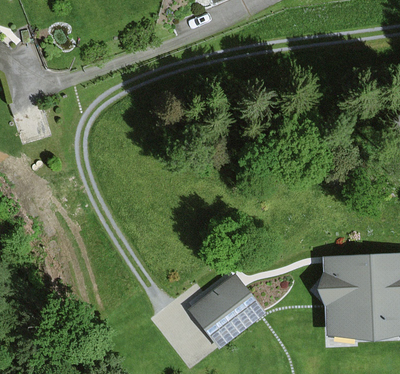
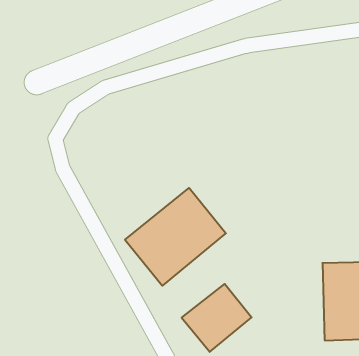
building: none -> [125,188,226,286]

